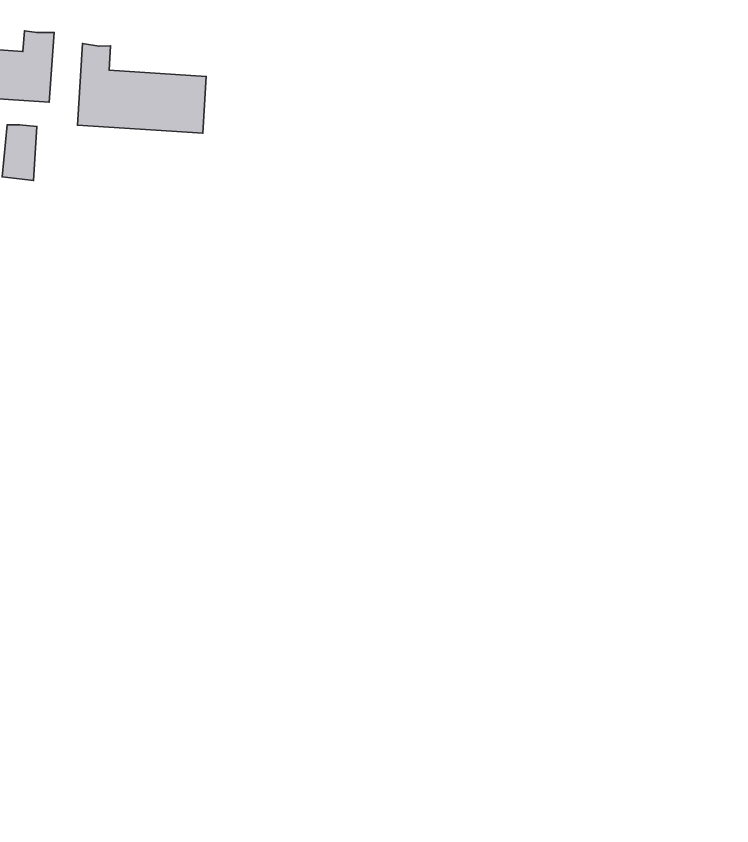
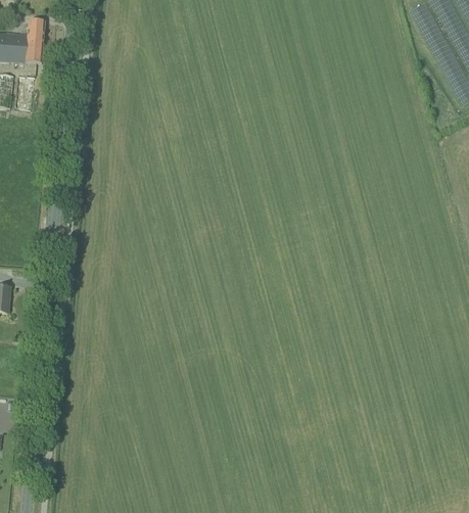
building: [78,44,206,133] -> none

